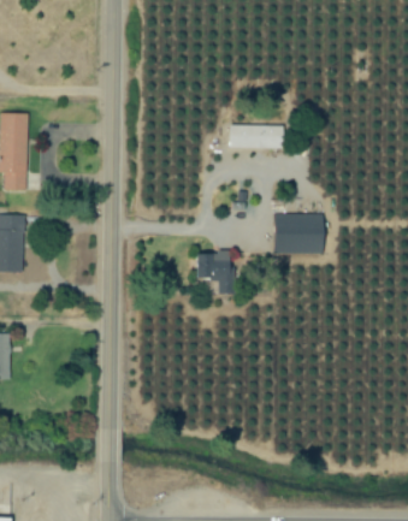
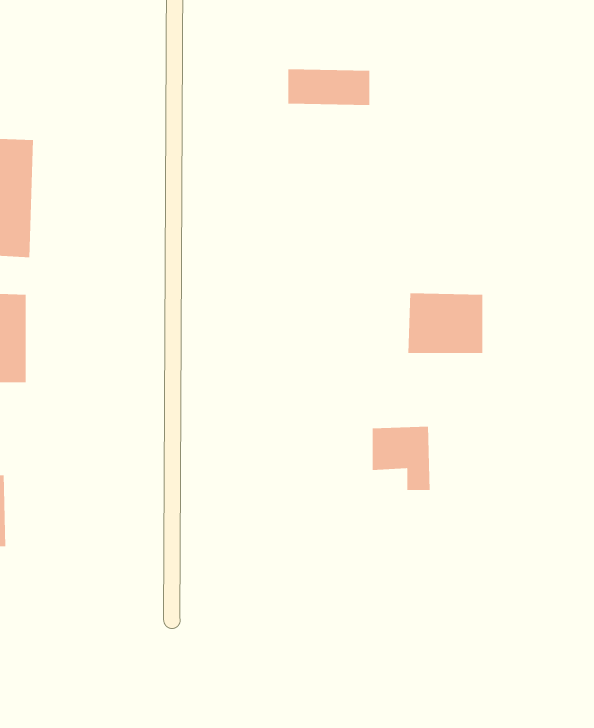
building: [229,124,283,148] -> [287,69,370,106]
building: [195,250,233,292] -> [372,426,431,491]

